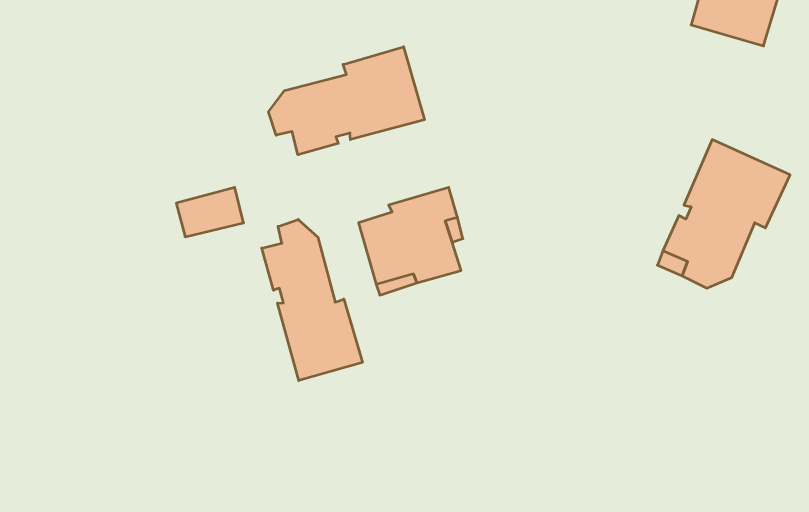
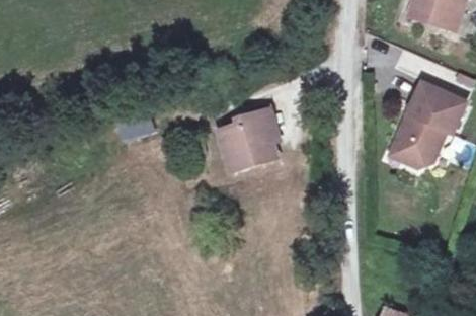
building: [268,47,424,155] -> none
building: [262,219,362,381] -> none

